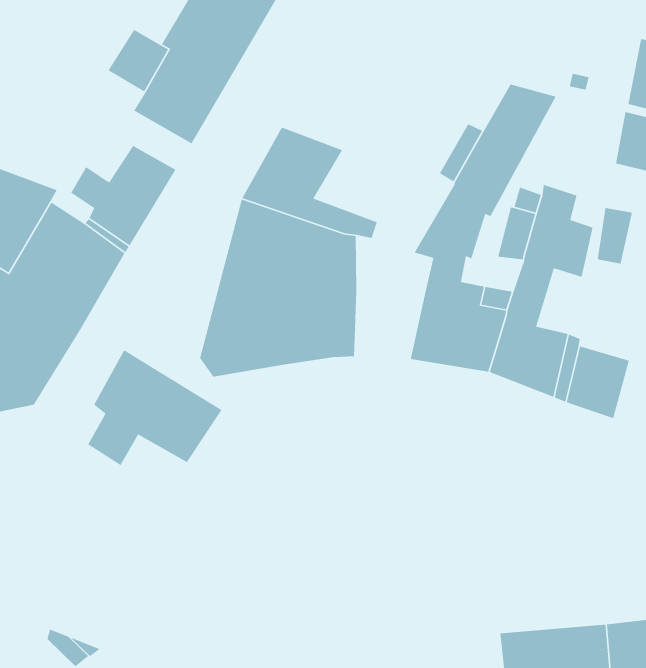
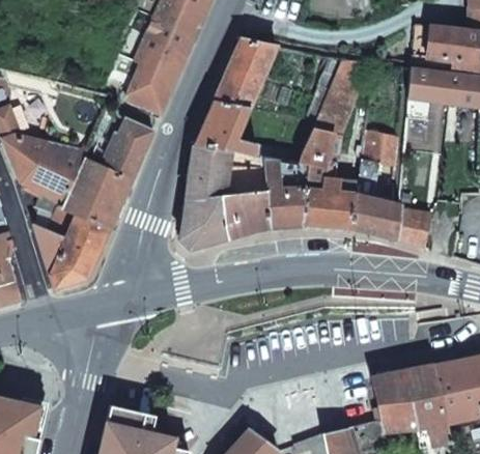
building: none -> [211,37,277,109]
building: none -> [262,158,306,228]
building: [87,349,222,466] -> none

